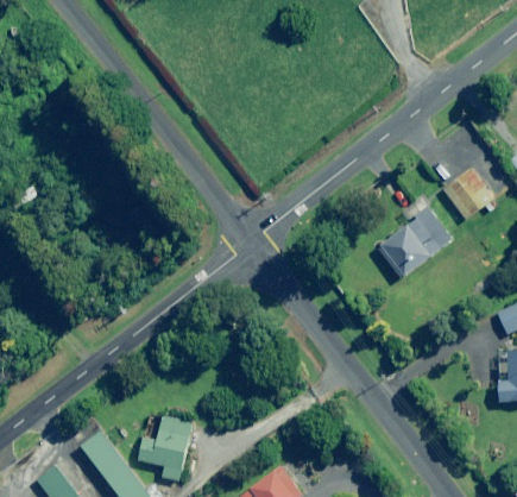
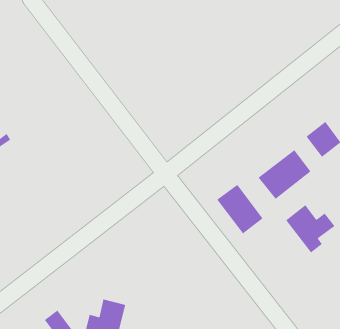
building: none -> [216,184,264,234]
building: none -> [285,204,335,253]

